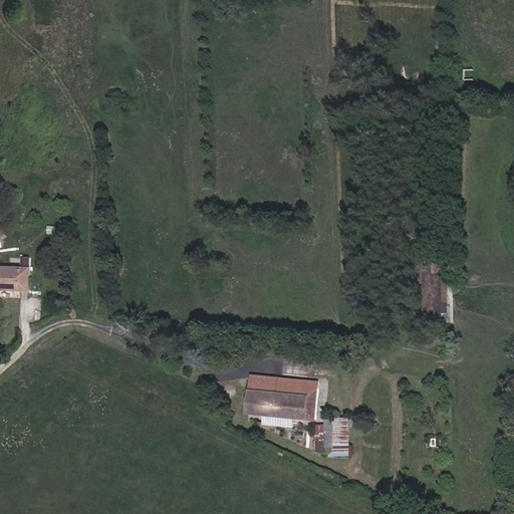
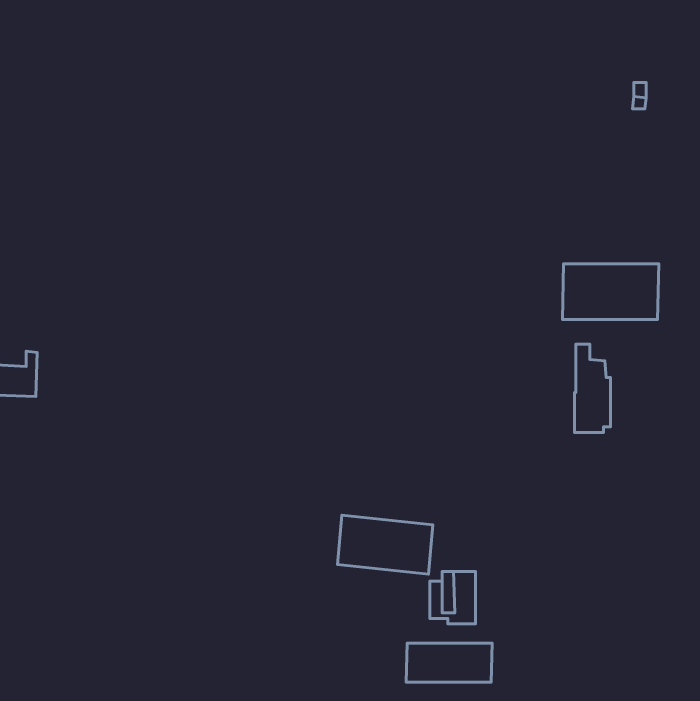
building: none -> [562,264,659,319]
building: none -> [406,643,492,682]

